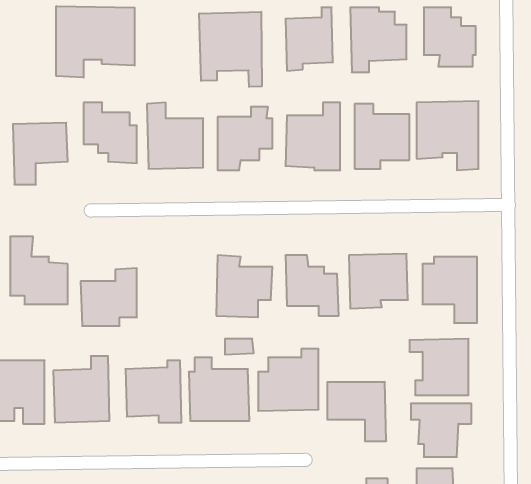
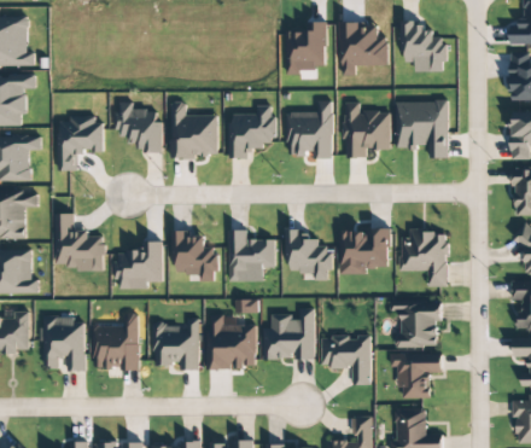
building: [56,6,135,78] -> none
building: [199,12,262,87] -> none
building: none -> [174,229,217,281]

